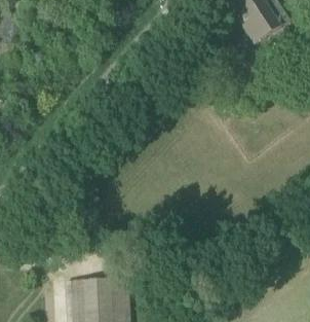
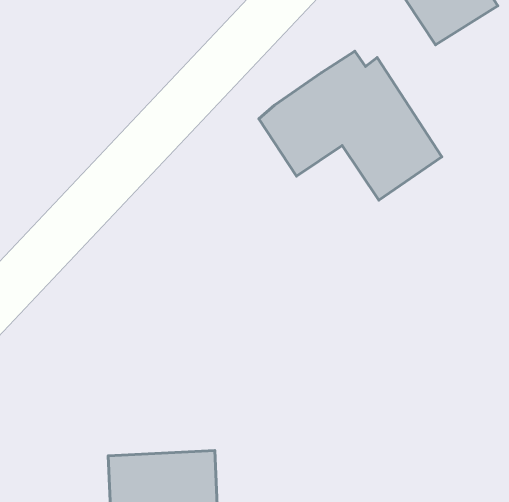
building: none -> [259,51,442,200]

